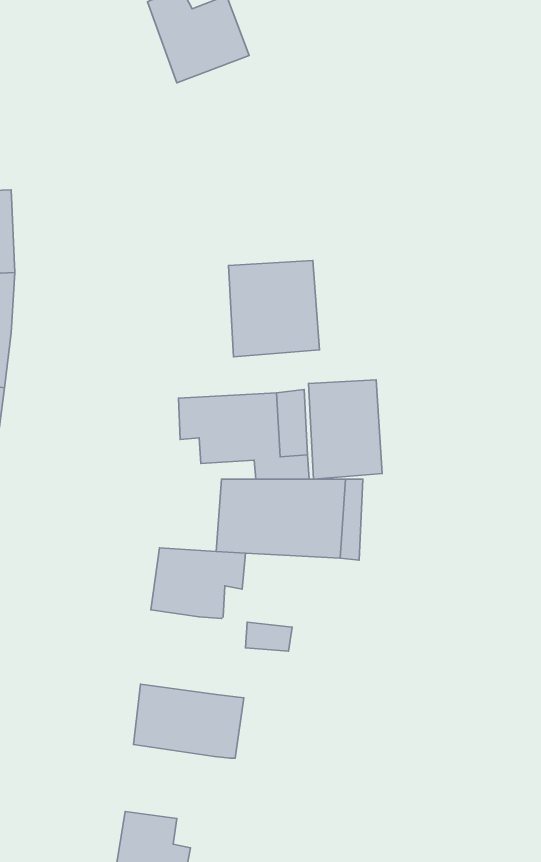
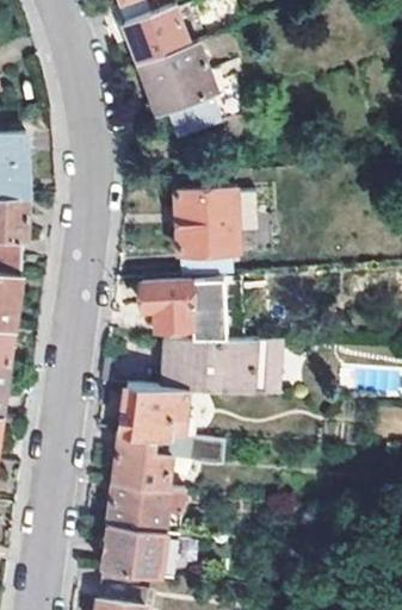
building: none -> [138,43,253,141]
building: [309,380,382,479] -> none
building: none -> [113,430,171,488]
building: none -> [103,523,175,578]

